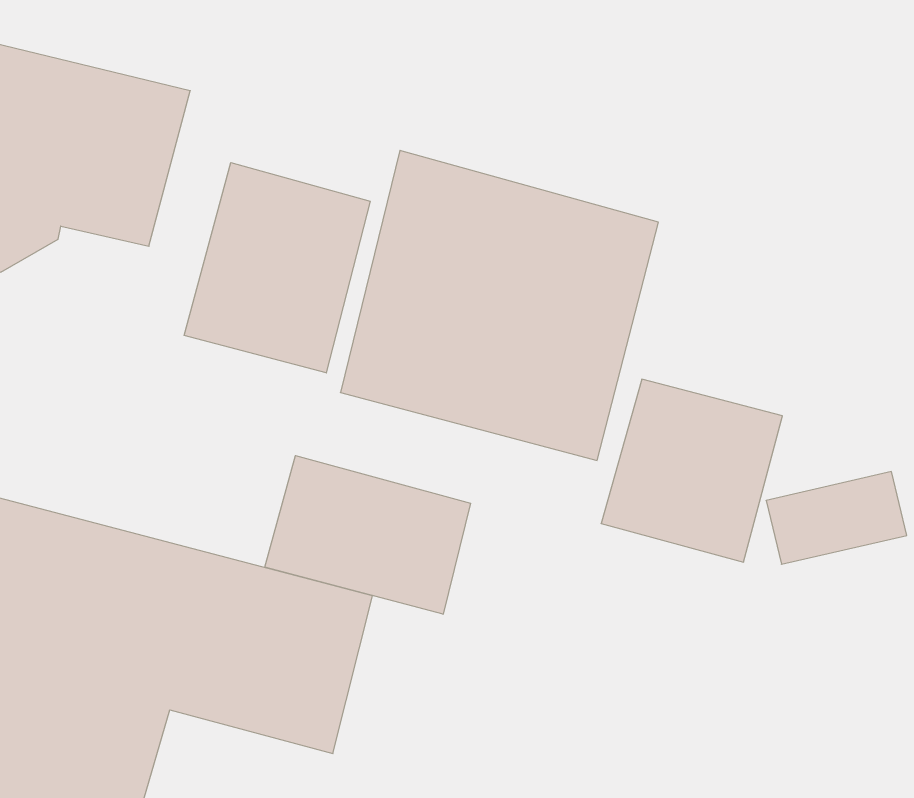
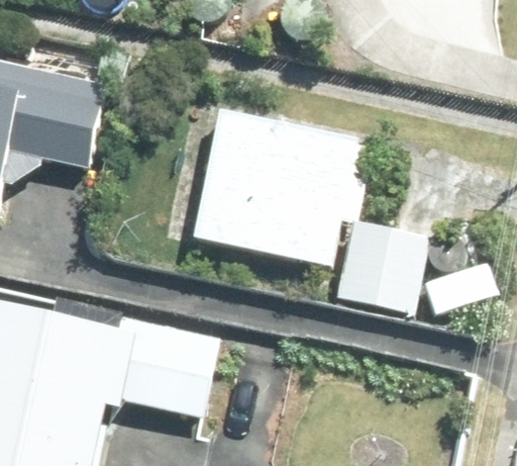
building: [184,163,370,373] -> none
building: [265,456,471,614] -> none

